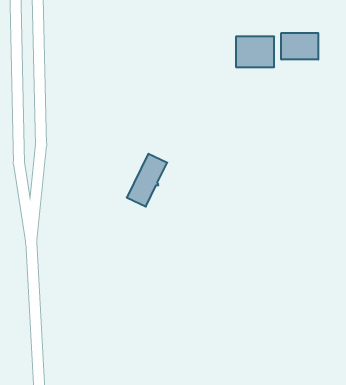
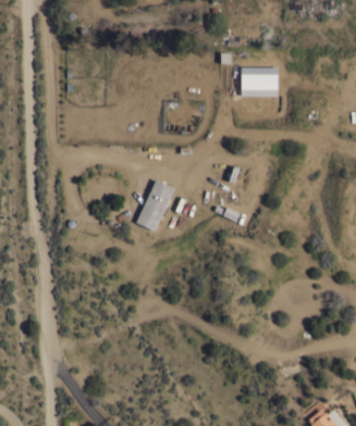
building: [281,33,318,60] -> none

